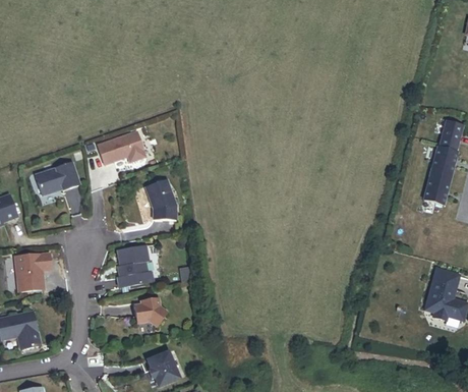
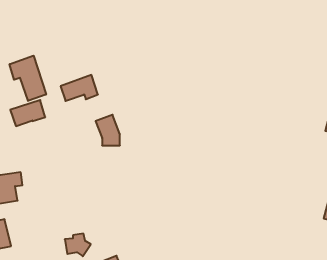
building: none -> [10,56,46,101]
building: [119,243,156,285] -> none
building: [130,297,163,326] -> [65,234,91,256]

